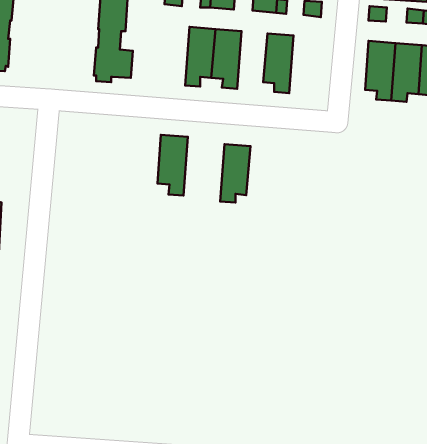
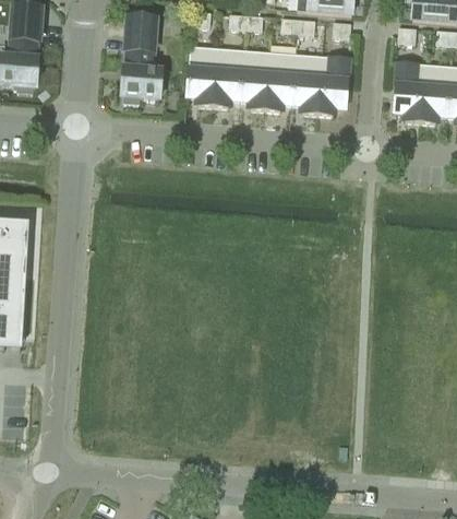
building: none -> [317,56,348,115]
building: [158,135,188,195] -> [187,45,217,106]
building: [220,144,251,203] -> [265,51,296,110]

